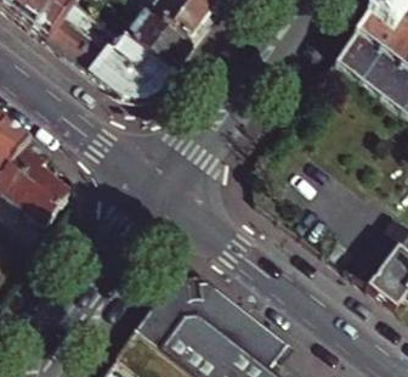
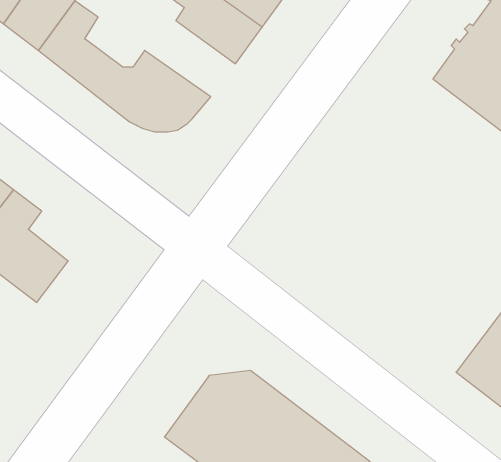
building: [119,12,191,72] -> none

